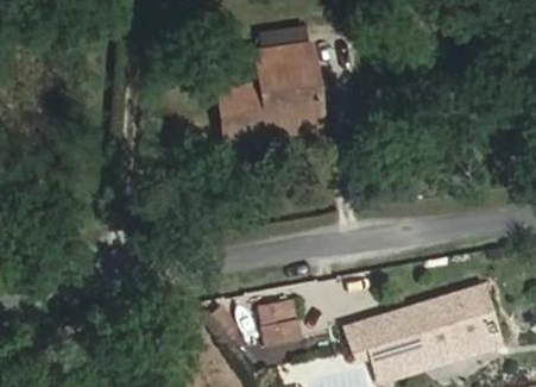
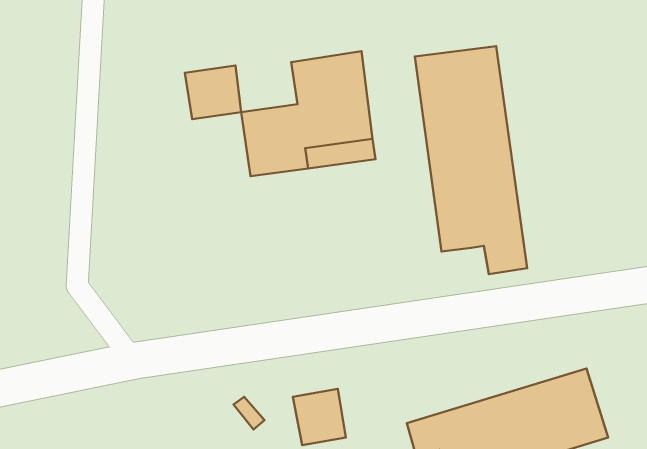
building: none -> [415,46,527,274]
building: none -> [185,65,241,119]

